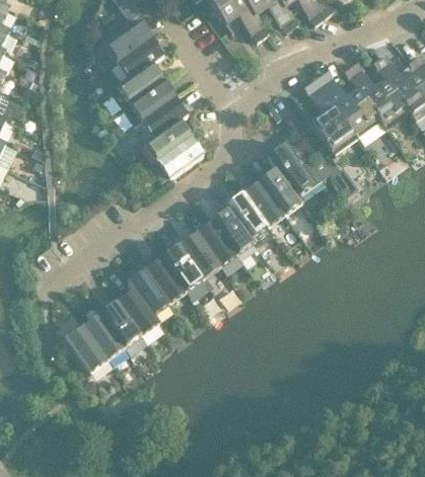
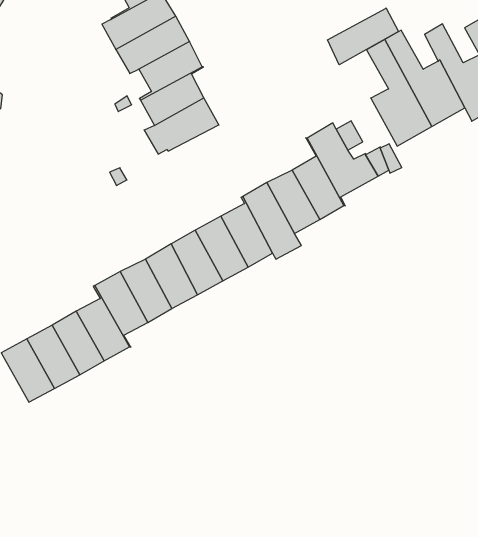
building: none -> [328,8,399,65]

